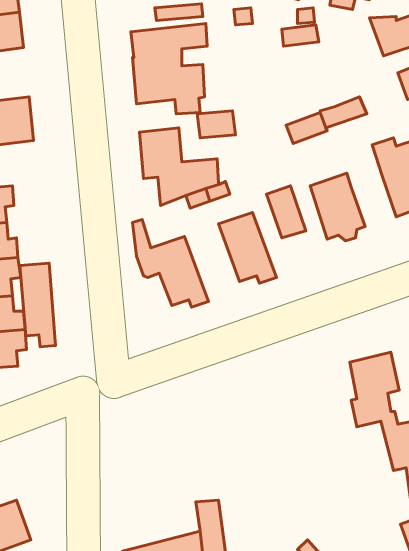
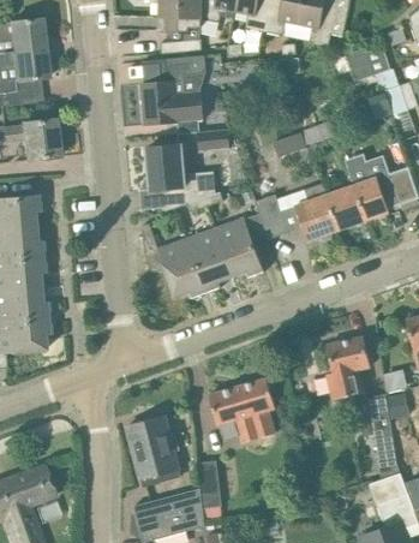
building: none -> [328,185,366,228]
building: none -> [186,226,233,292]
building: [20,263,56,347] -> none
building: none -> [209,377,275,443]
building: none -> [126,416,179,485]

